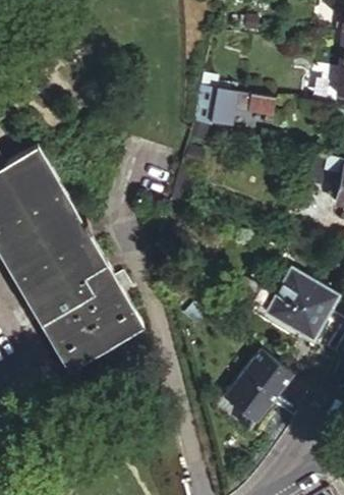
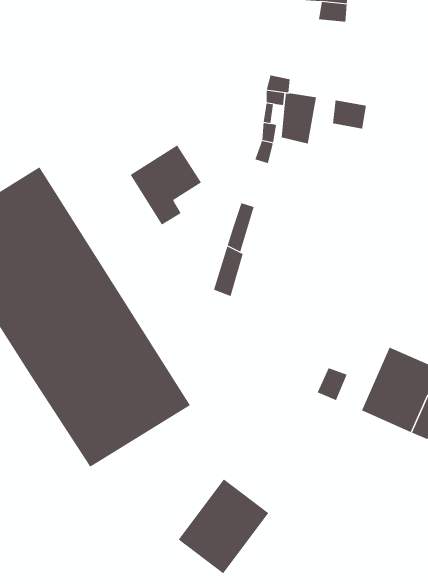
building: none -> [130,145,202,226]
building: [225,348,292,419] -> [178,479,269,574]

